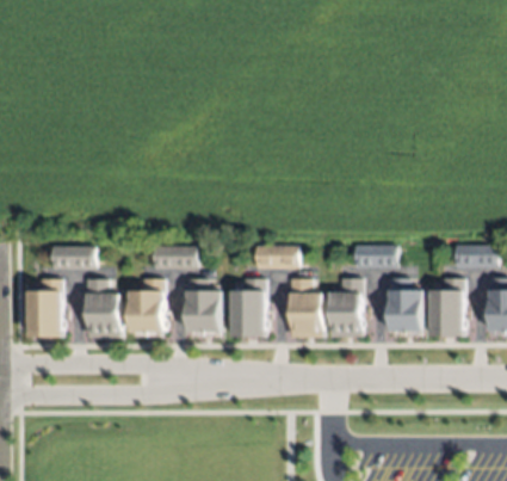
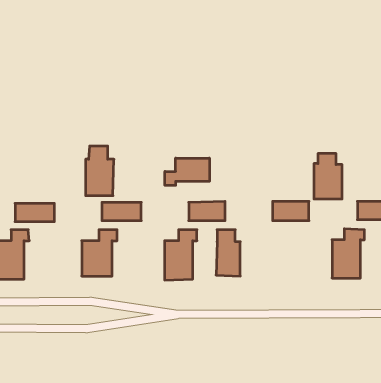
building: none -> [165,158,209,185]
building: [326,278,361,334] -> none
building: [86,279,119,338] -> [86,146,114,196]
building: [186,279,221,333] -> none
building: [384,279,418,333] -> [314,154,342,199]

